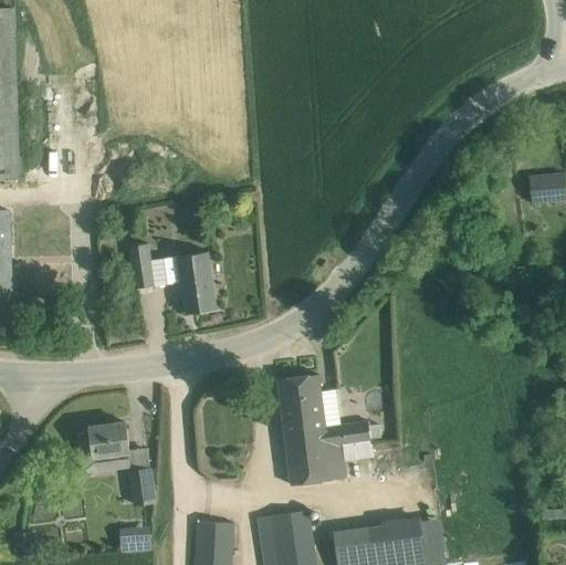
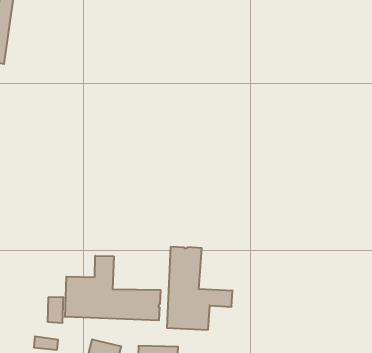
building: [128,244,216,314] -> none
building: none -> [65,256,160,320]
building: [78,422,129,473] -> none

